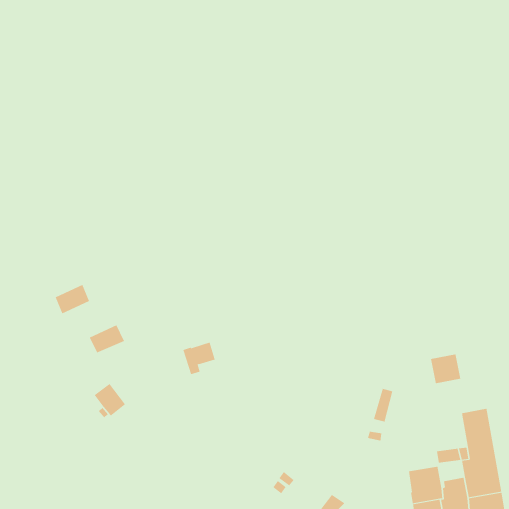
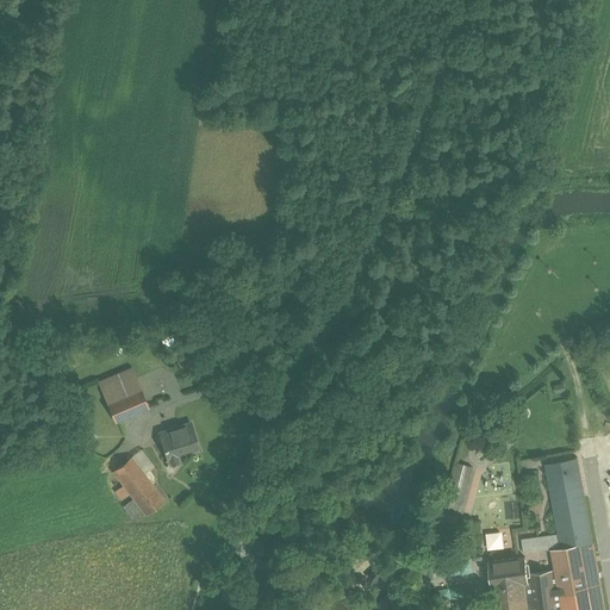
building: [55,284,90,314] -> [98,368,139,404]
building: [182,342,216,375] -> [158,425,199,465]
building: [430,354,461,384] -> [544,459,581,494]
building: none -> [132,484,164,516]

